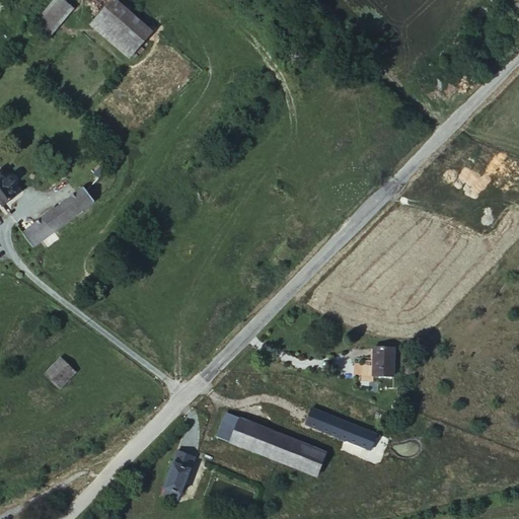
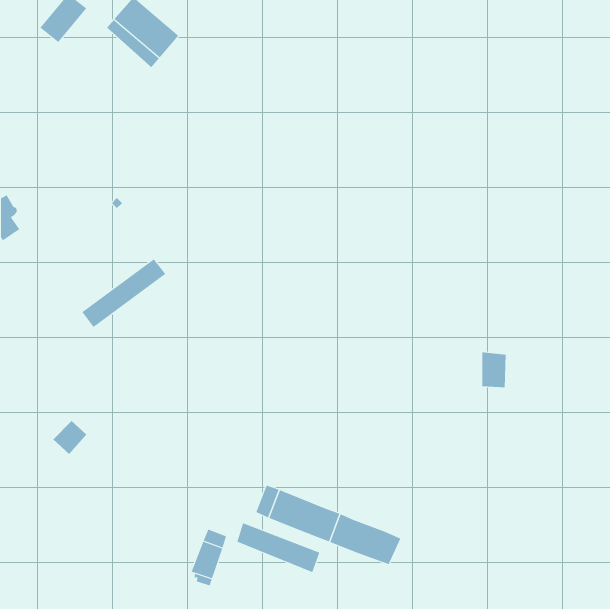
building: [22,187,94,245] -> [81,258,166,328]
building: [374,346,395,376] -> [482,352,507,388]
building: [306,405,377,448] -> [237,523,320,573]

